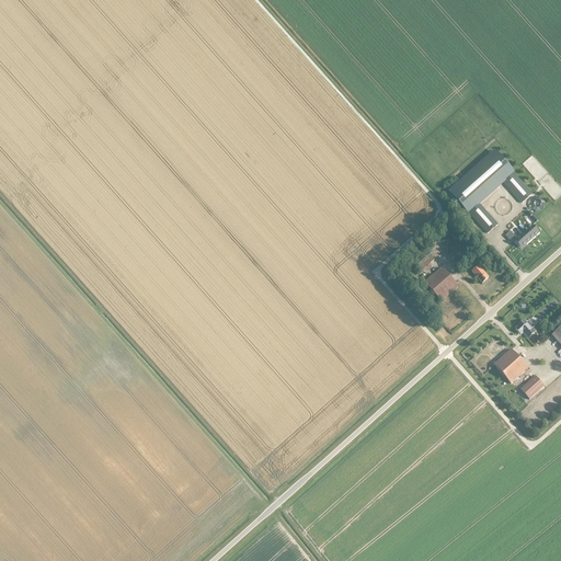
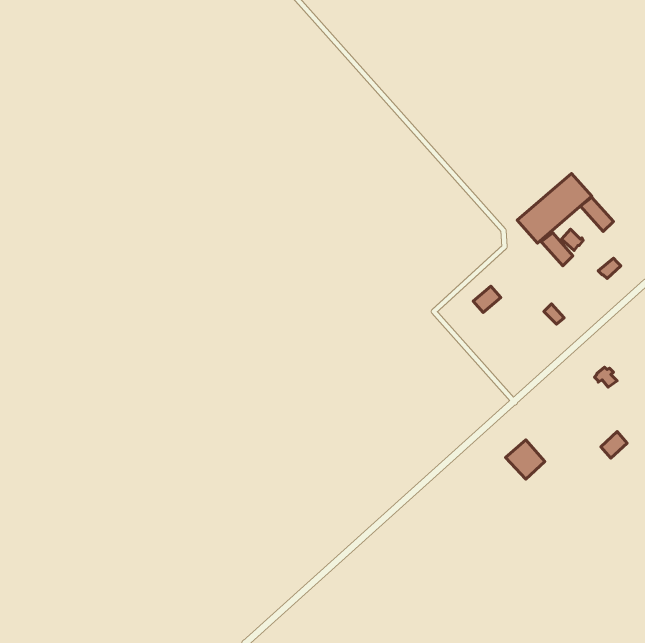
building: [425,265,459,299] -> none
building: [494,347,528,381] -> [506,440,545,479]

